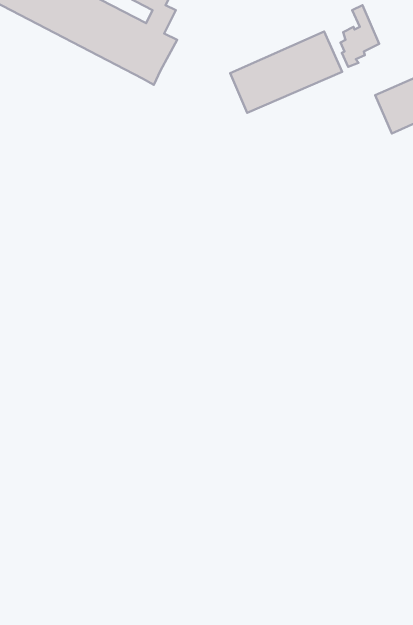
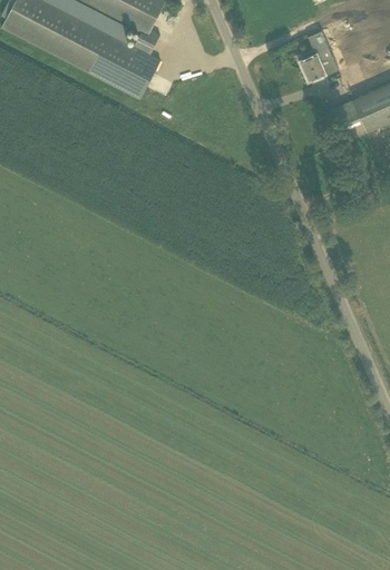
building: [230,31,342,113] -> none

